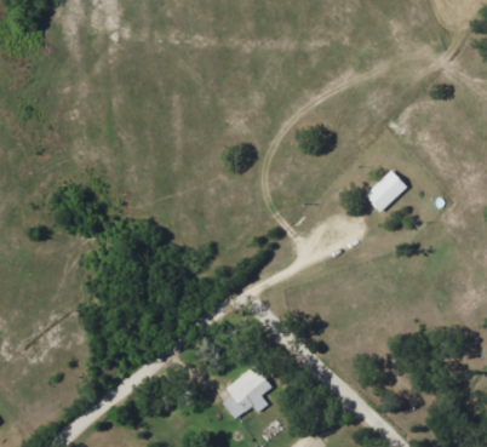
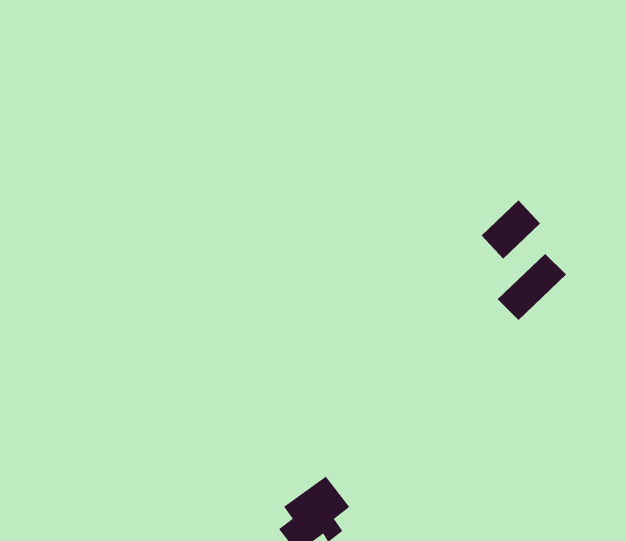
building: none -> [497,253,567,321]

